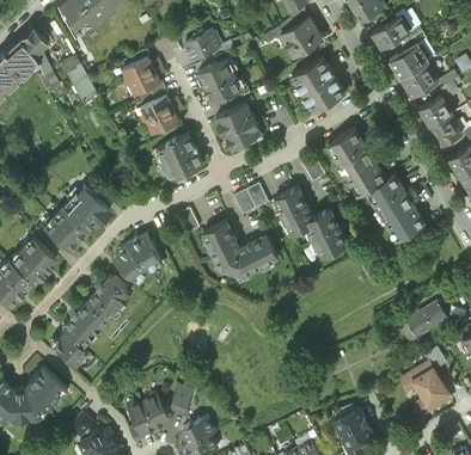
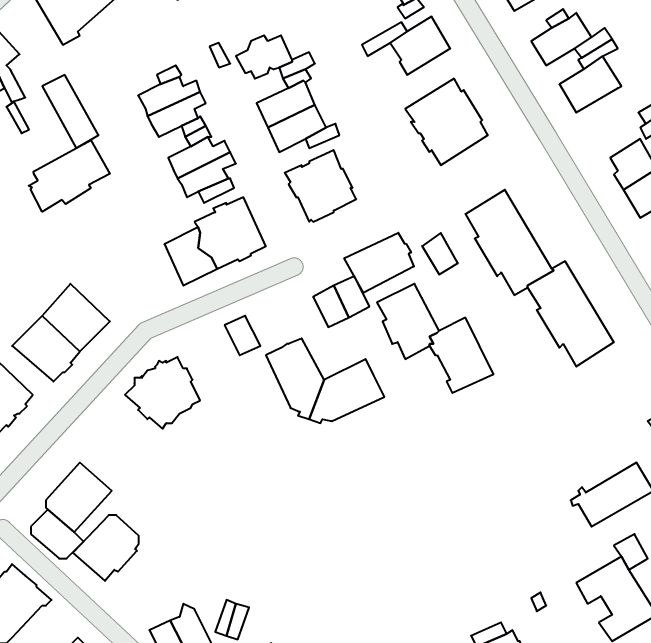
building: [400,64,438,98] -> none
building: none -> [29,140,110,212]
building: none -> [344,233,414,293]
building: [85,278,127,320] -> [73,515,139,581]

